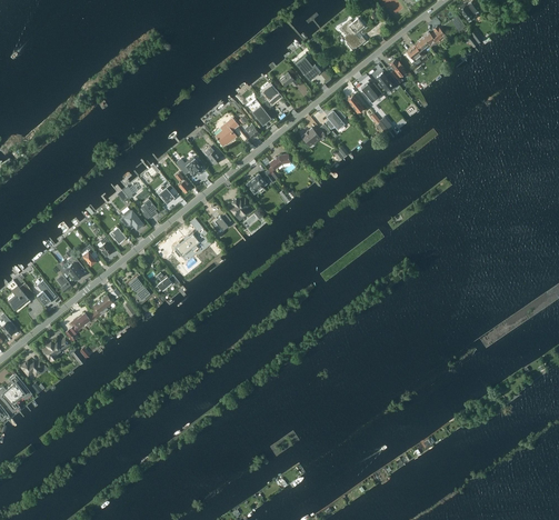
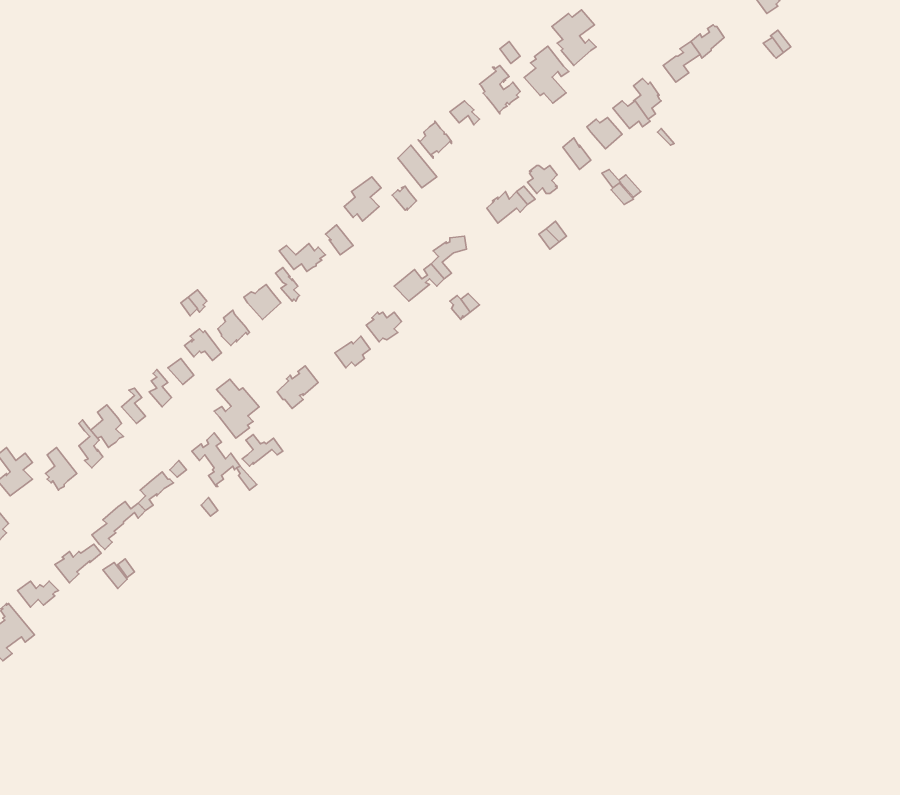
building: none -> [524,46,569,103]
building: none -> [214,379,259,438]

